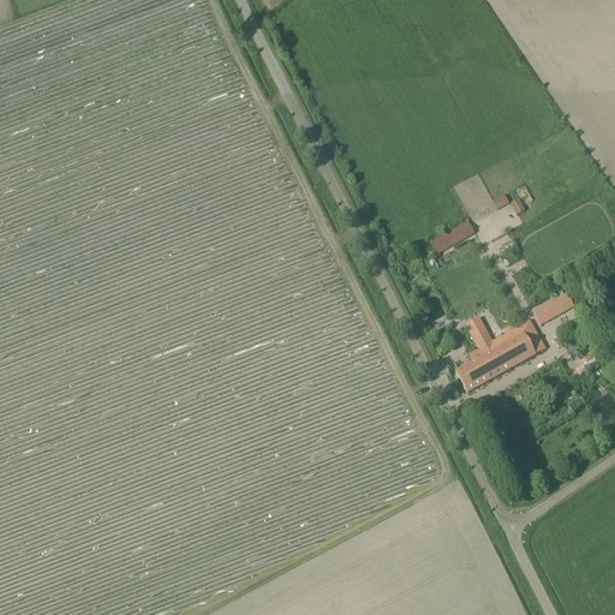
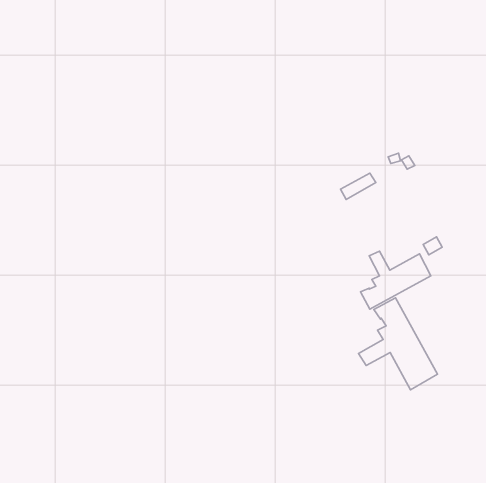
building: none -> [358,298,437,390]

